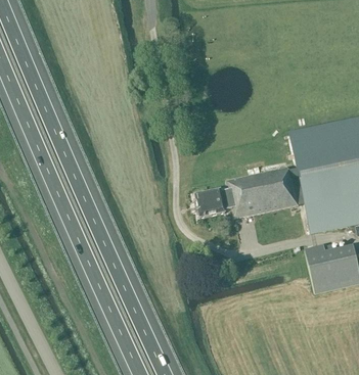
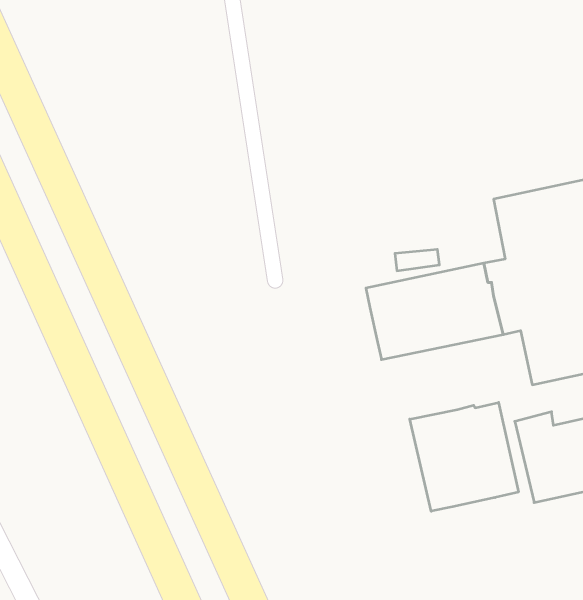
building: [195,189,232,218] -> none
building: none -> [410,402,518,511]

